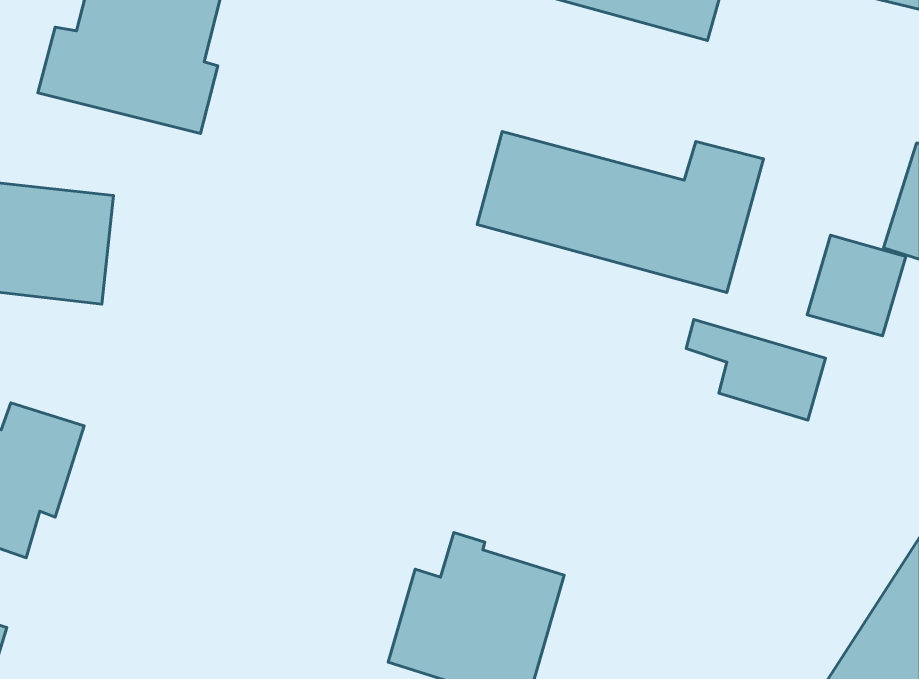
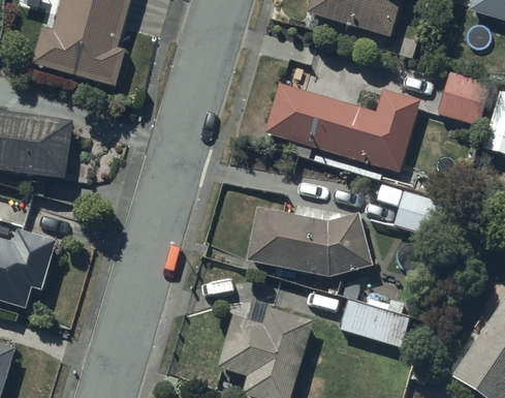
building: [807,235,906,336] -> [438,71,491,125]
building: none -> [248,208,374,276]
building: none -> [339,298,409,347]

